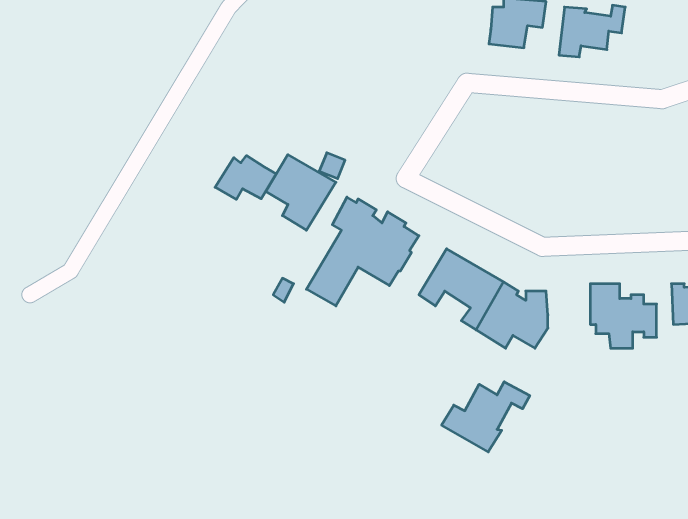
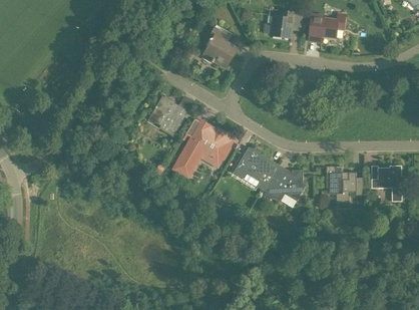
building: none -> [202,24,236,68]
building: [215,156,276,199] -> none
building: [442,382,530,452] -> none

